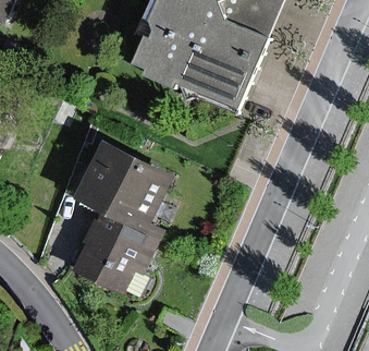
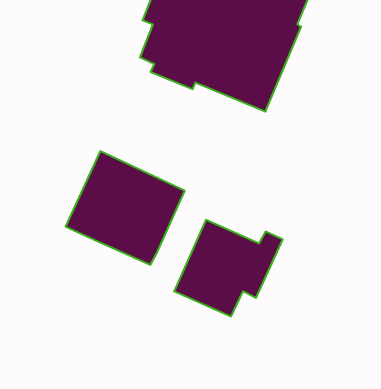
building: [74,215,163,294] -> [174,220,283,316]

